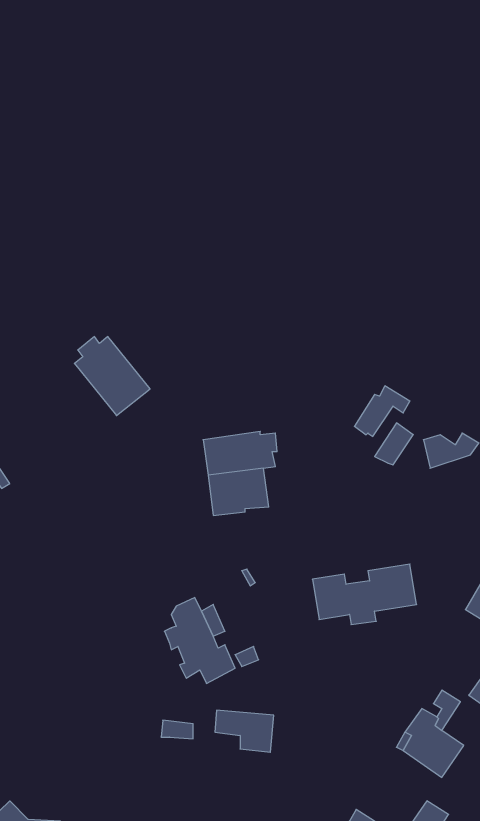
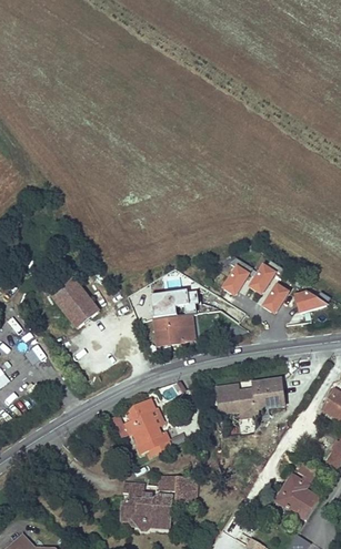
building: [74,337,150,416] -> [49,276,99,328]
building: none -> [222,257,252,295]
building: none -> [119,494,170,529]

